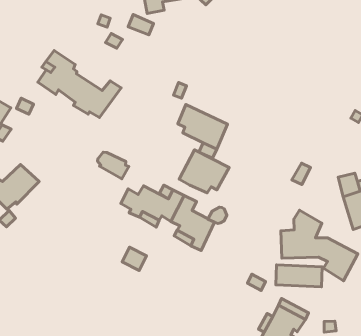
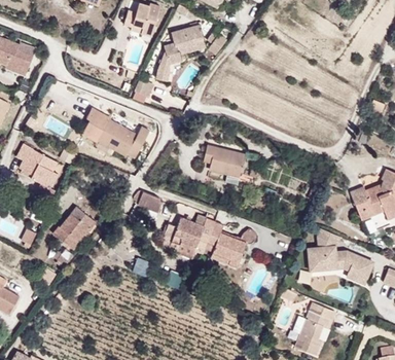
building: [179,150,229,193] -> none

